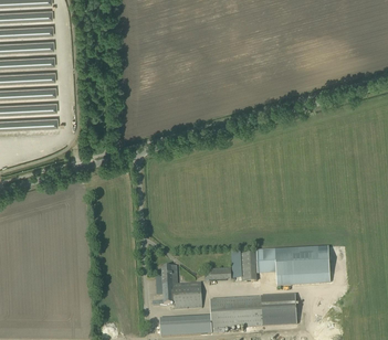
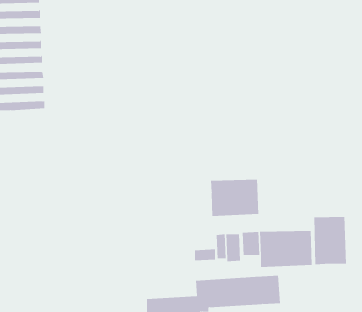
building: none -> [211,179,259,217]
building: none -> [314,216,347,265]
building: [162,264,202,307] -> none

